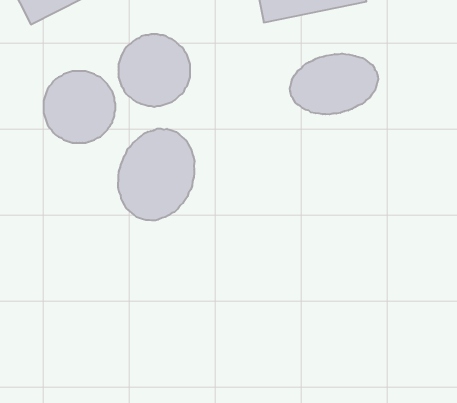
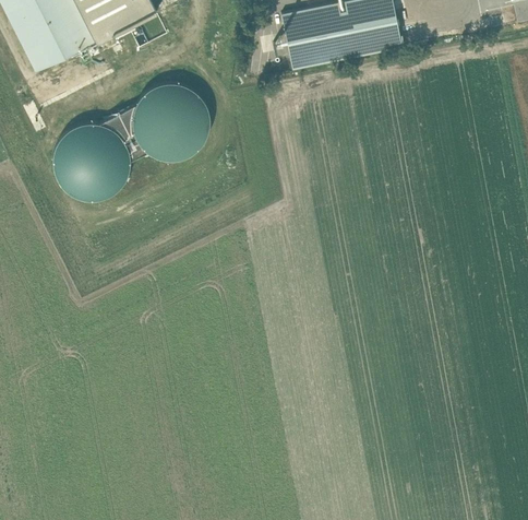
building: [290,53,378,114] -> none
building: [118,129,194,220] -> none

